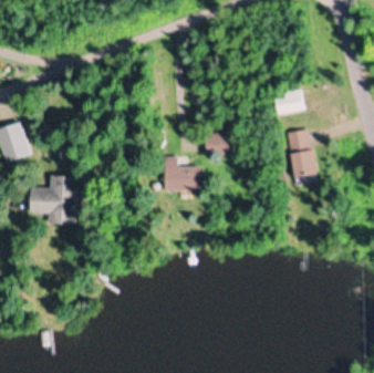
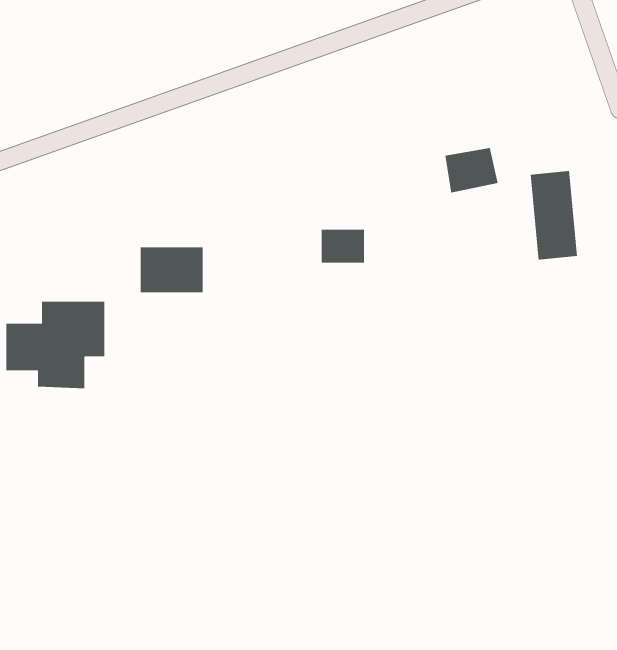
building: [289,131,315,180] -> [530,170,578,260]
building: [166,165,201,190] -> [140,247,204,293]

